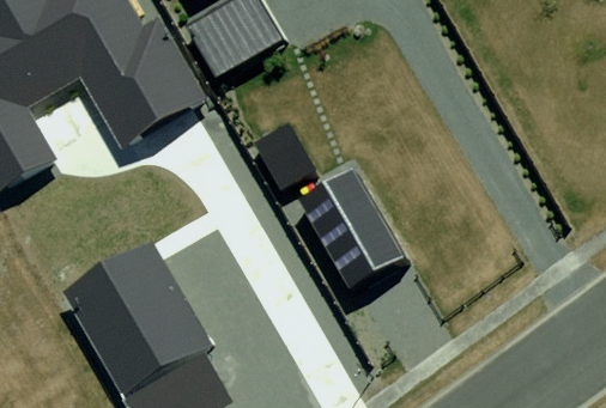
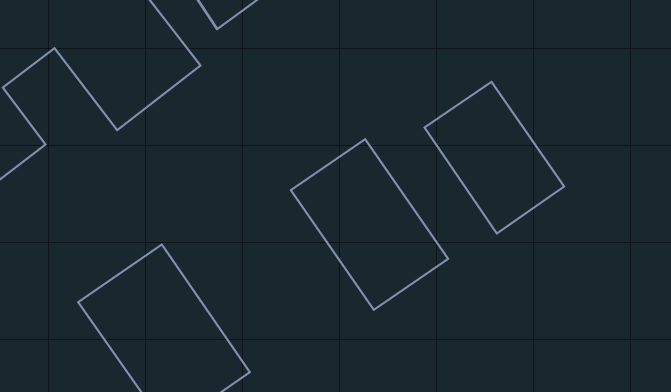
building: none -> [425,82,564,233]

